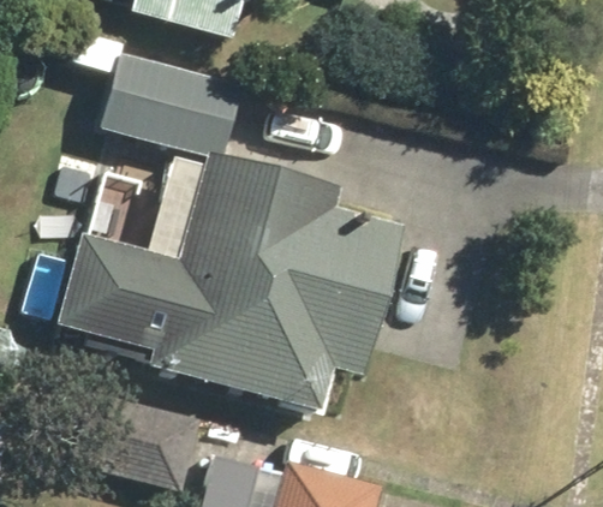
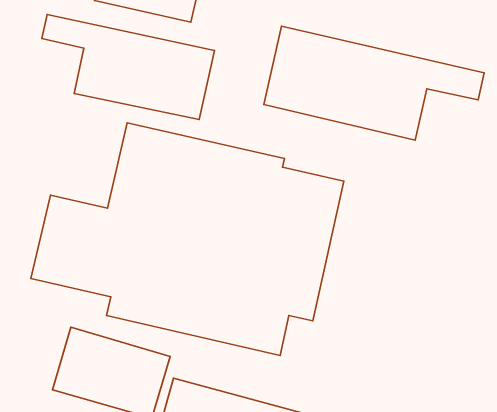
building: none -> [264,26,484,140]

